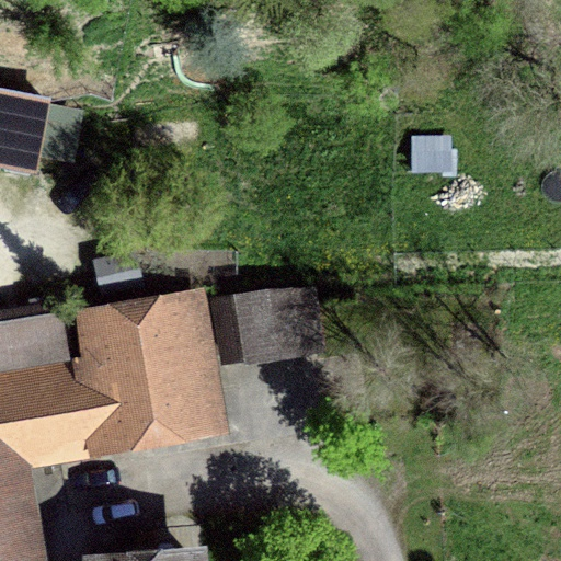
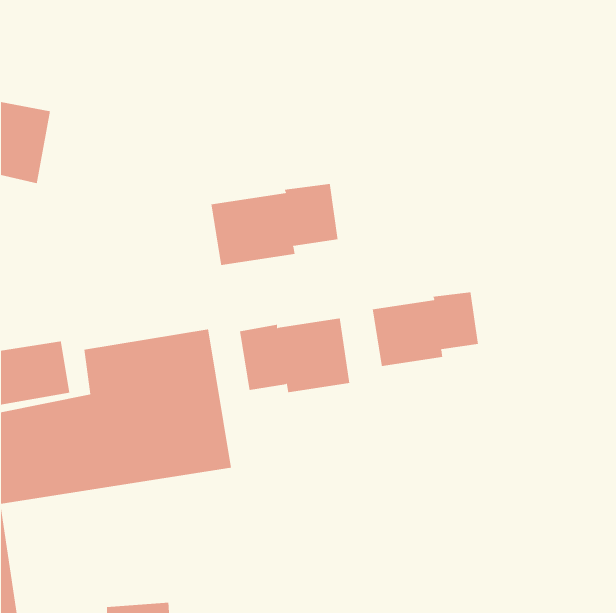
building: none -> [211,183,338,266]
building: none -> [372,292,478,367]

